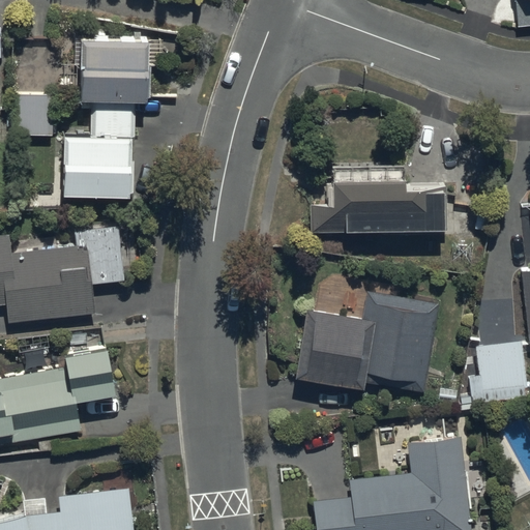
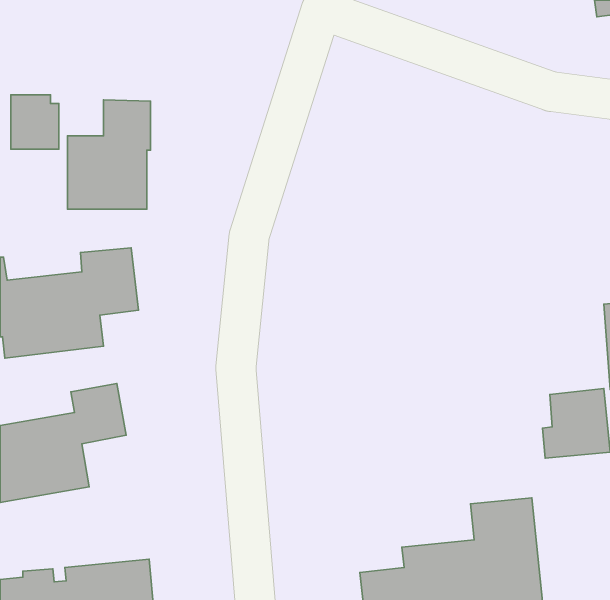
building: [81,37,146,99] -> none
building: [312,174,449,236] -> none
building: [296,297,441,399] -> none

